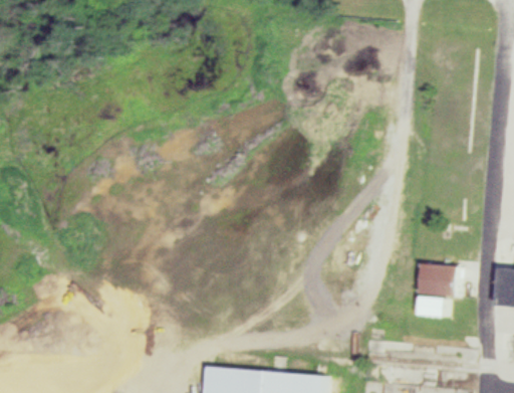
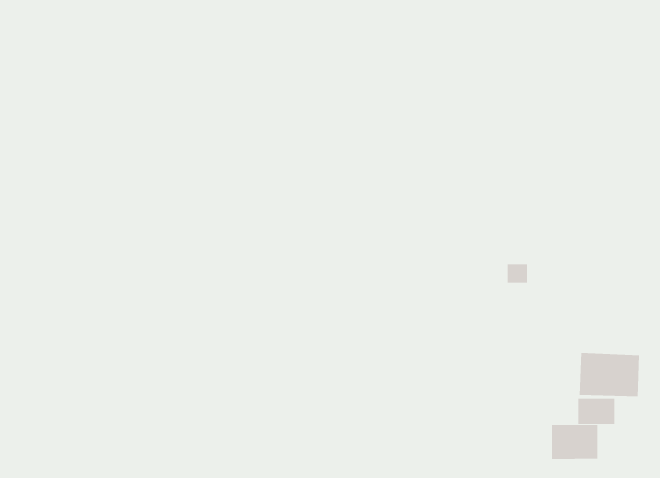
building: none -> [551,424,598,460]

